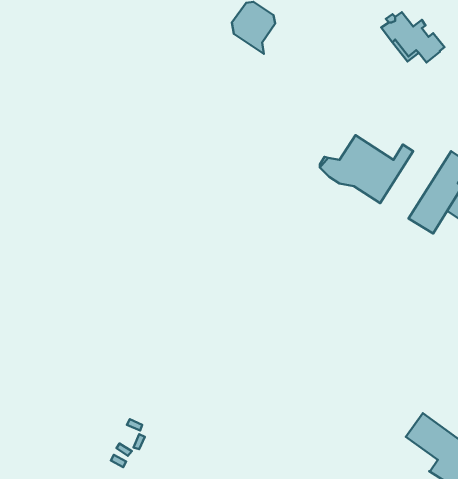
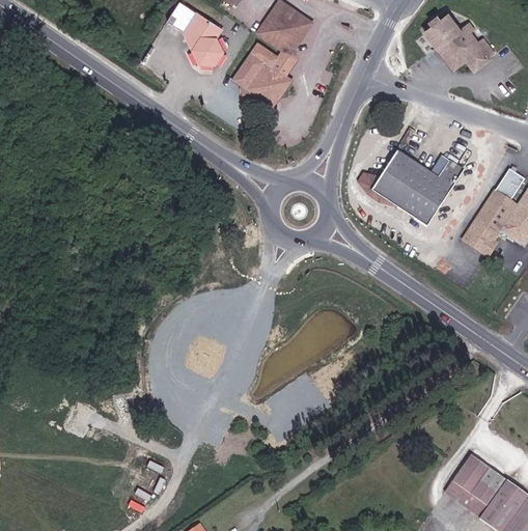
building: none -> [180,13,220,67]
building: none -> [233,51,298,102]
building: none -> [445,480,489,518]

